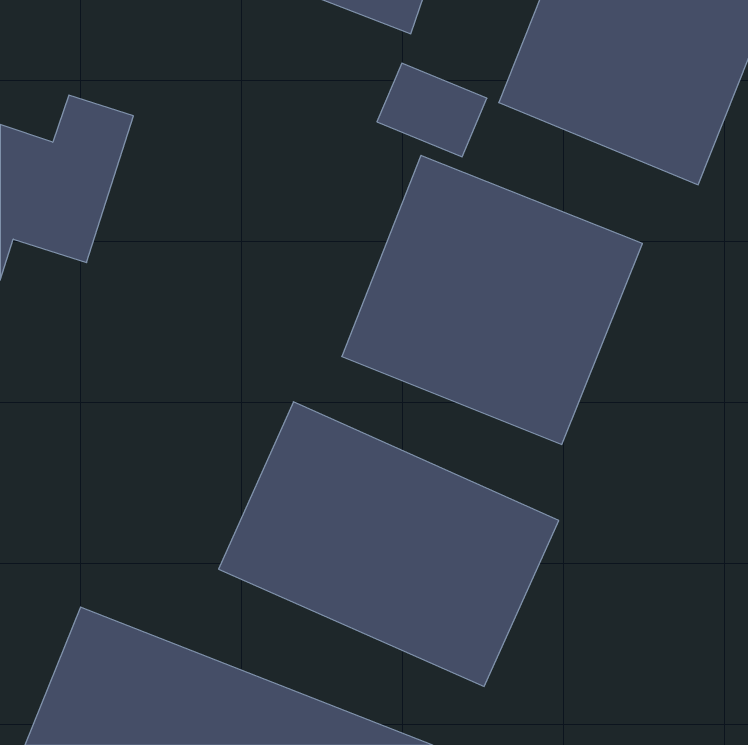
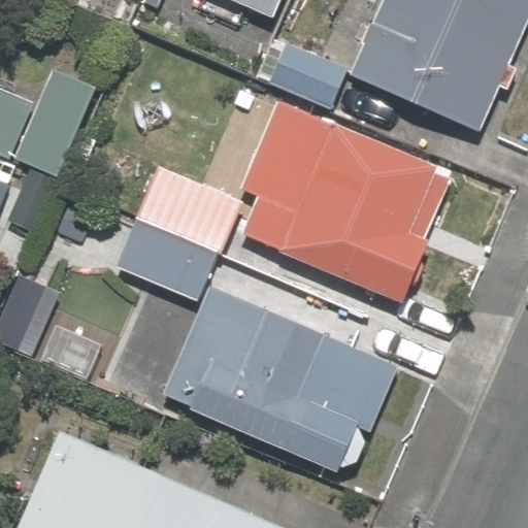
building: none -> [111,169,231,301]

